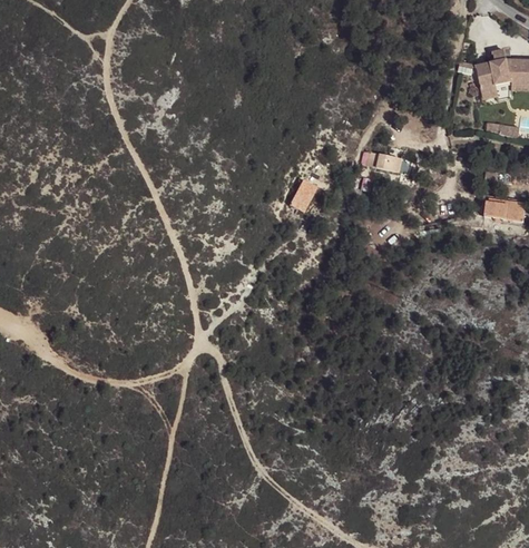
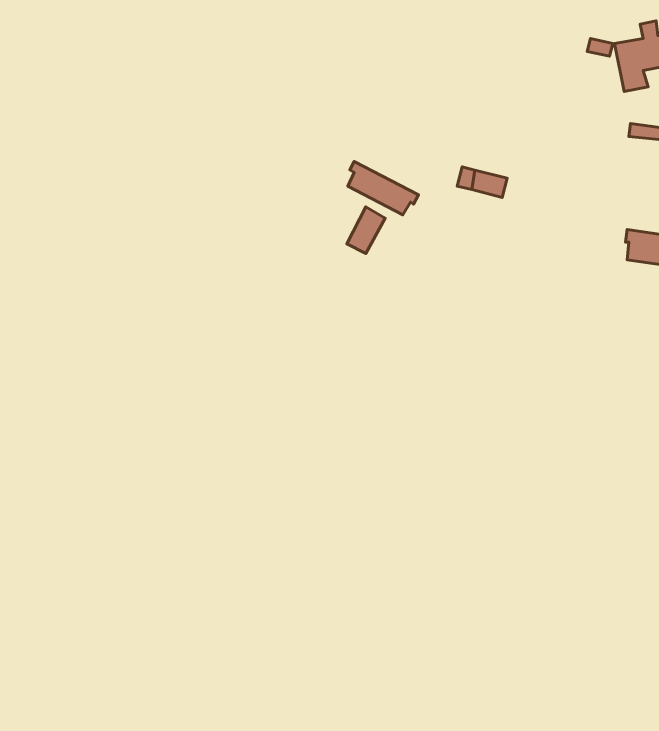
building: none -> [348,161,419,215]

